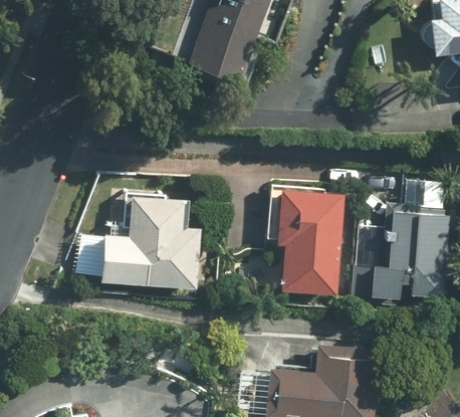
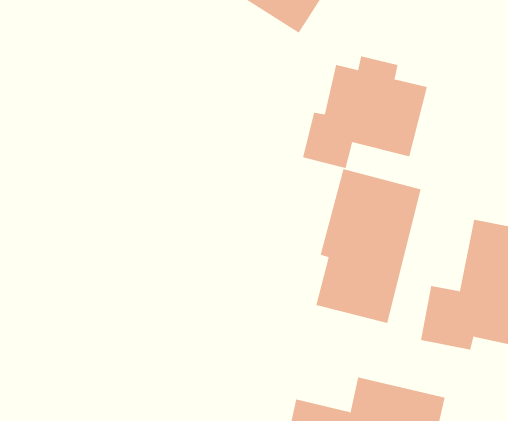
building: none -> [302,55,427,169]
building: [98,196,198,287] -> none

